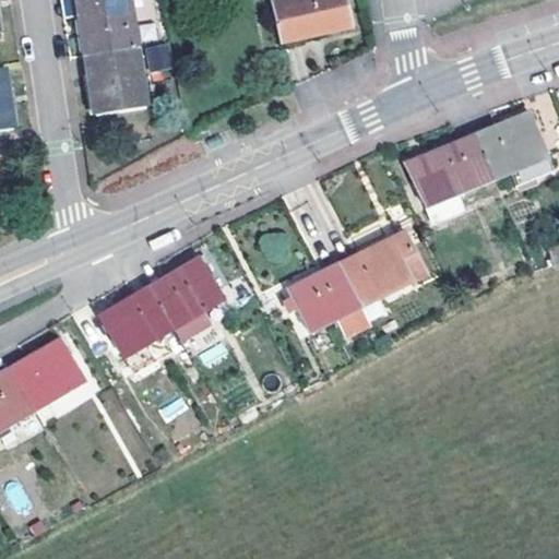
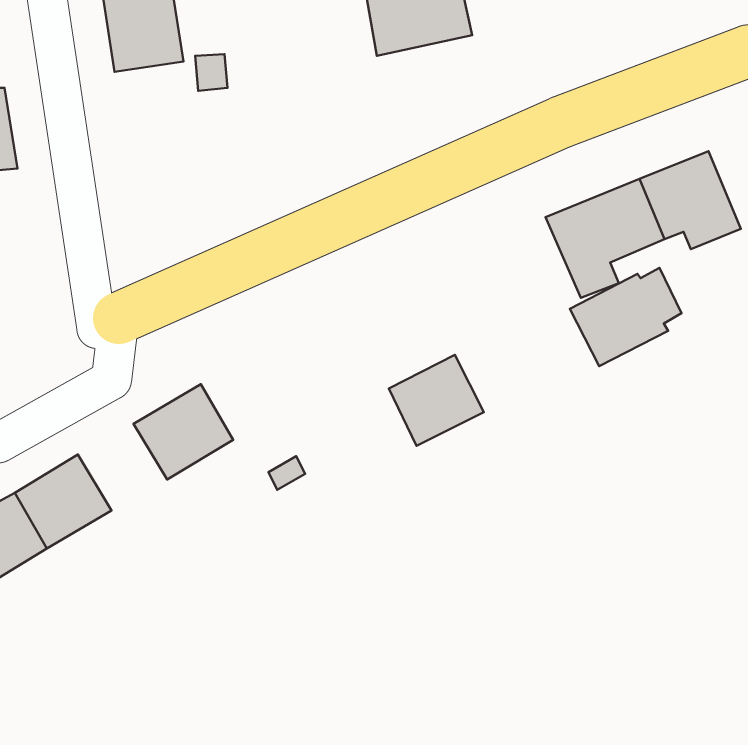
building: [85,46,145,112] -> none
building: [338,234,421,307] -> [570,268,681,366]
building: [150,258,221,328] -> none

